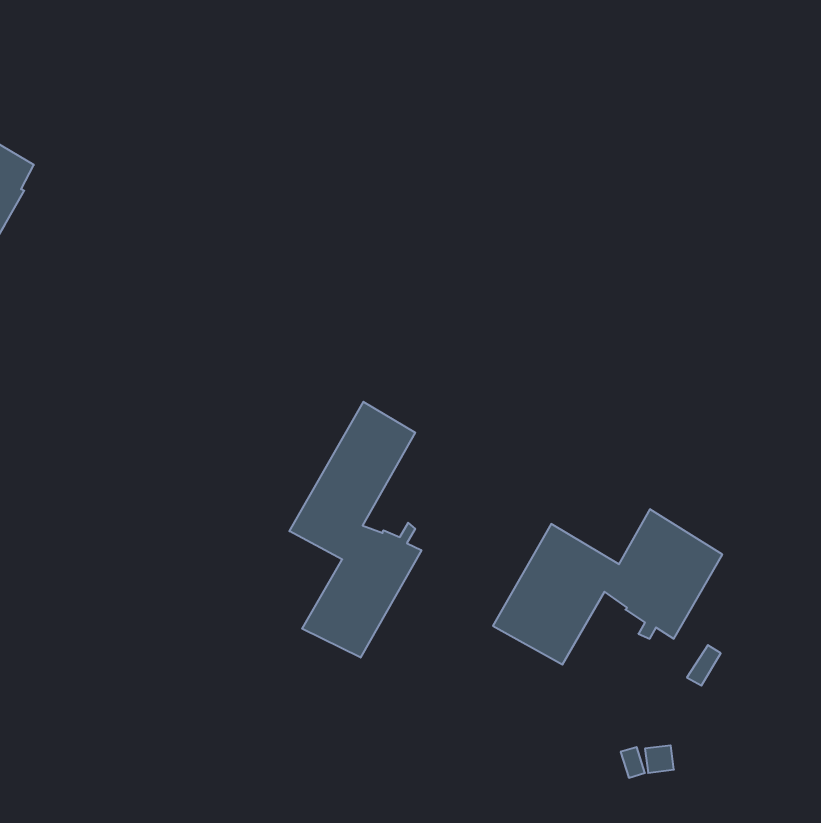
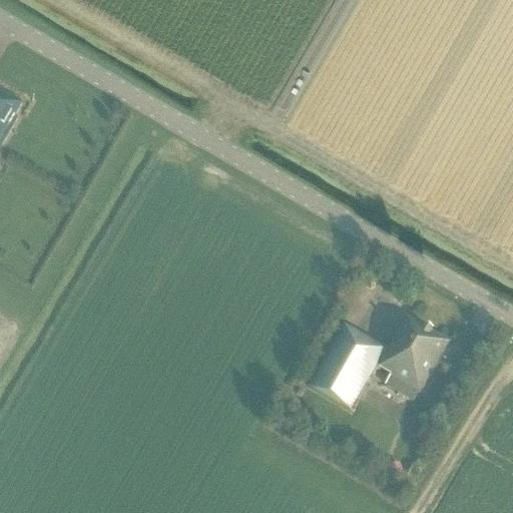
building: [289,402,421,658] -> none

